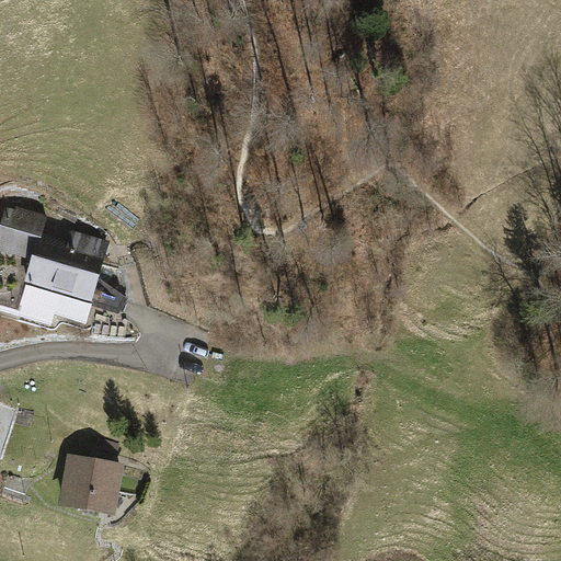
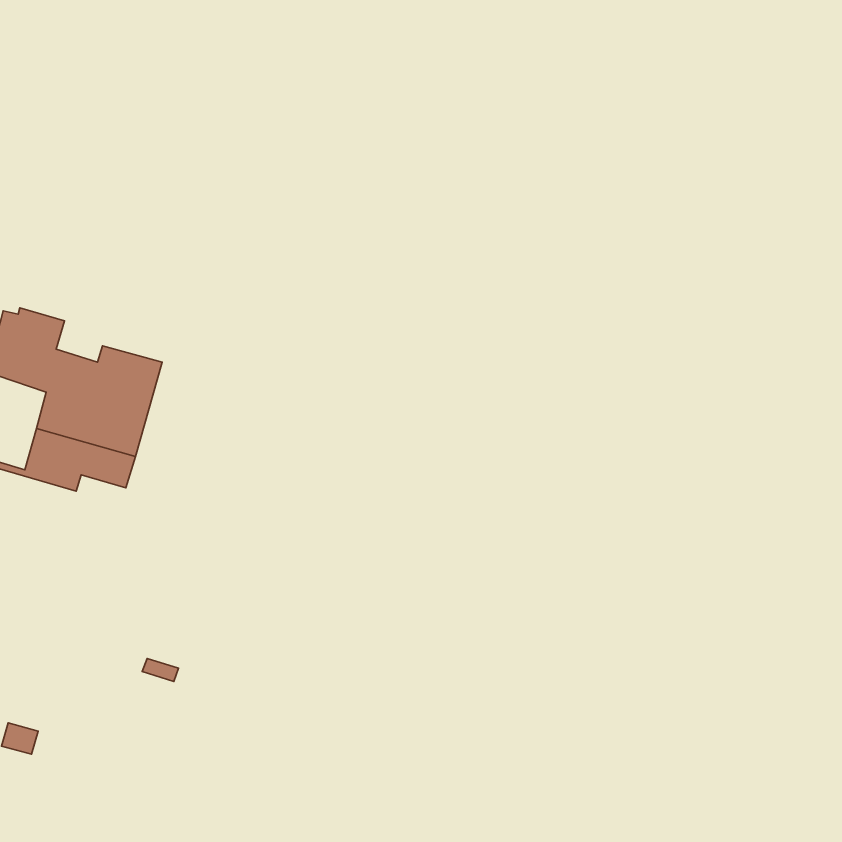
building: [59,455,123,514] -> none

